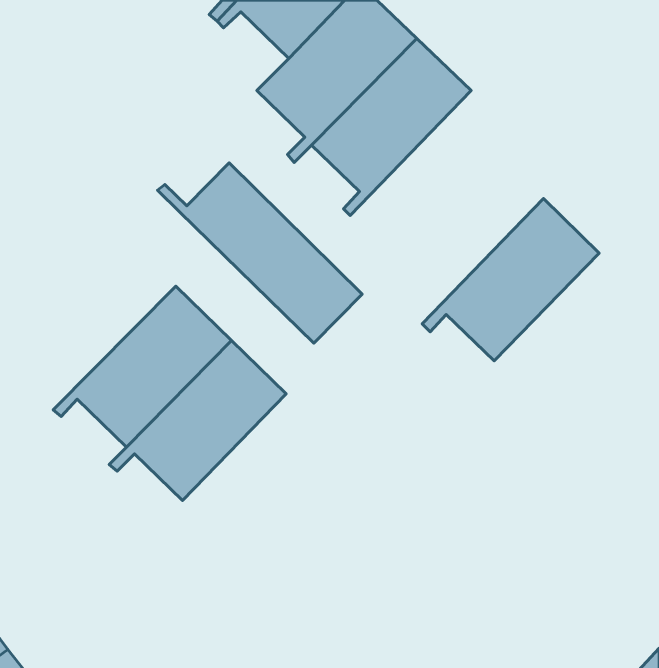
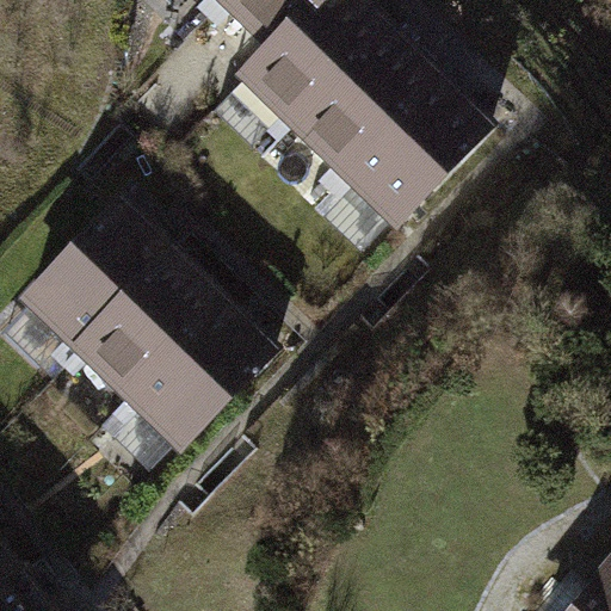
building: [157,163,362,343] -> none
building: [422,199,599,361] -> [314,92,473,237]
building: none -> [14,220,158,378]

